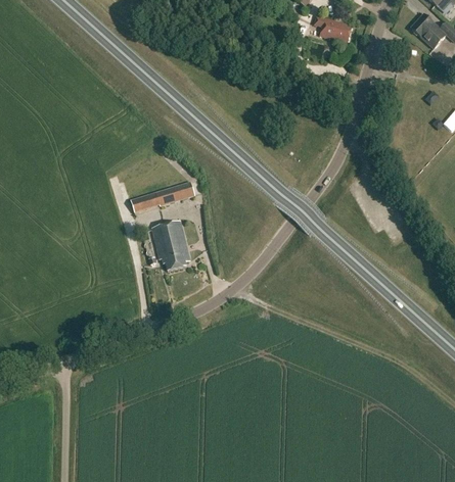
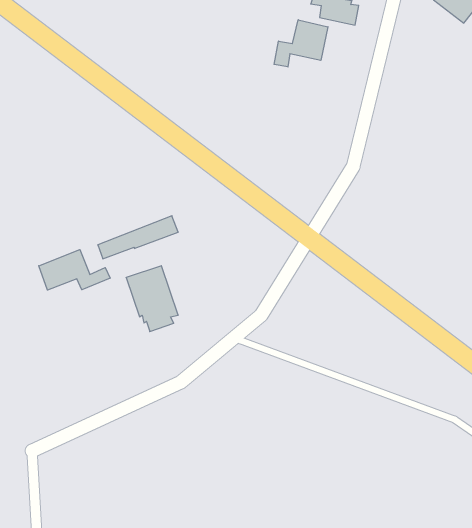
building: none -> [274,20,328,67]
building: none -> [39,250,110,290]

